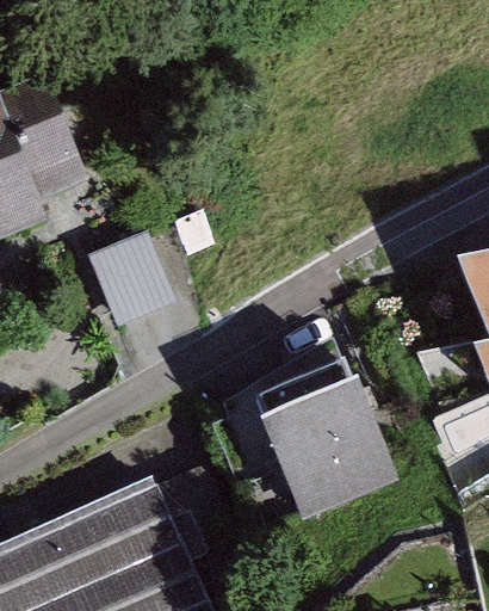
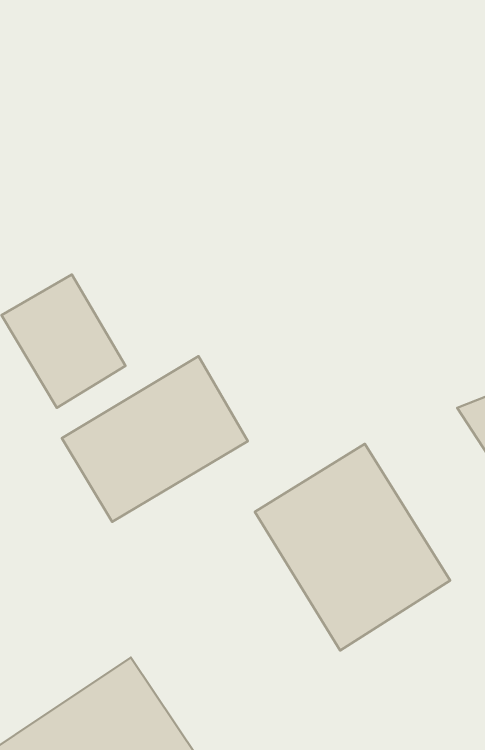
building: none -> [62,356,248,522]

